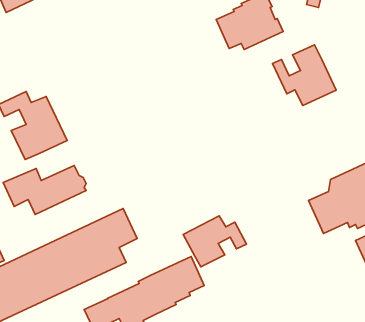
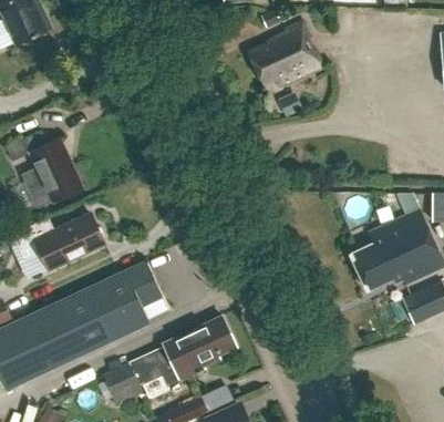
building: [272,45,336,105] -> none
building: [183,216,246,267] -> none

